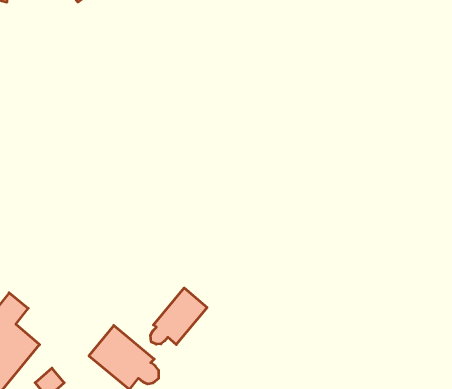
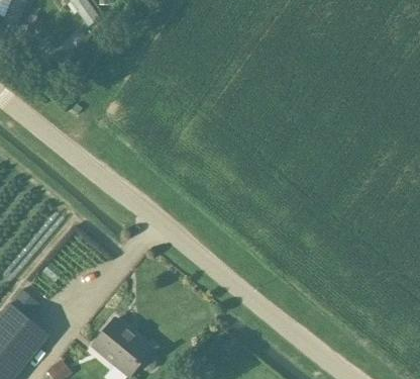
building: [151,288,207,345] -> none

